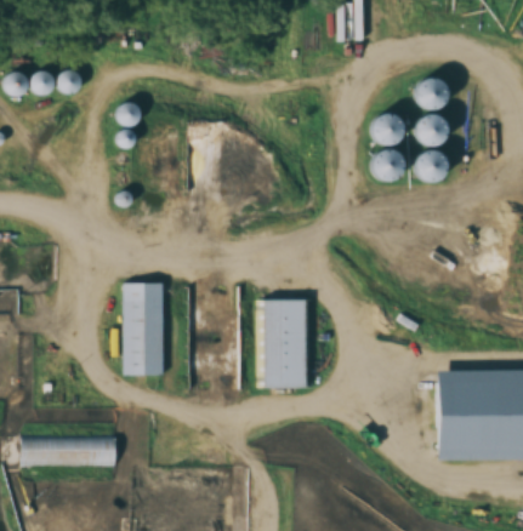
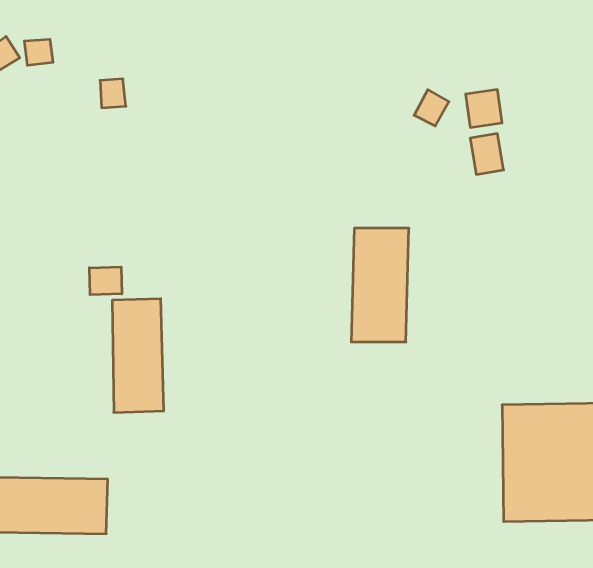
building: [407,76,442,113] -> none
building: [365,149,393,182] -> none
building: none -> [89,267,122,295]
building: [263,296,309,387] -> [351,228,409,342]

